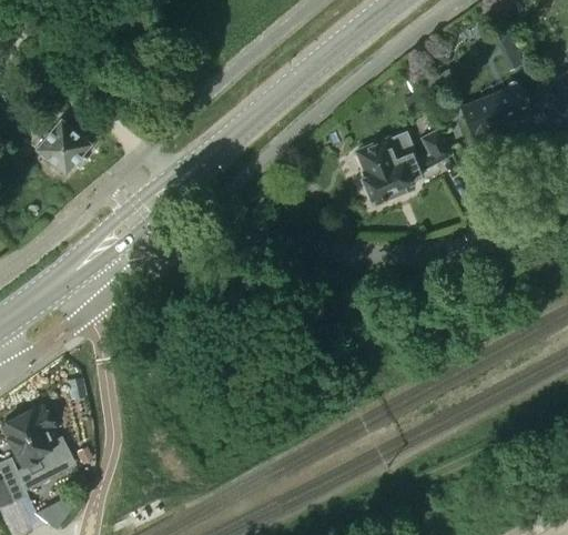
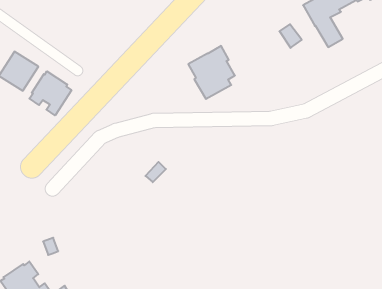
building: [358,133,419,202] -> [188,46,235,99]
building: none -> [29,71,71,115]

